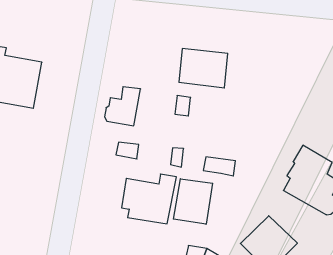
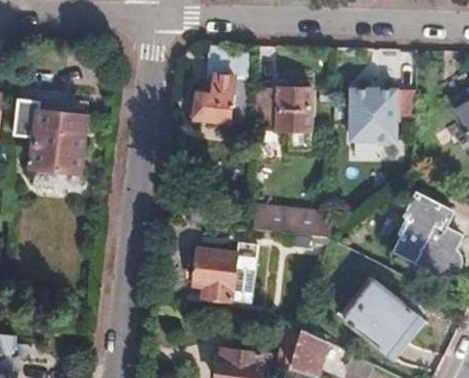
building: none -> [349,89,413,143]
building: [105,87,141,126] -> [196,76,237,122]
building: [173,179,213,224] -> none

